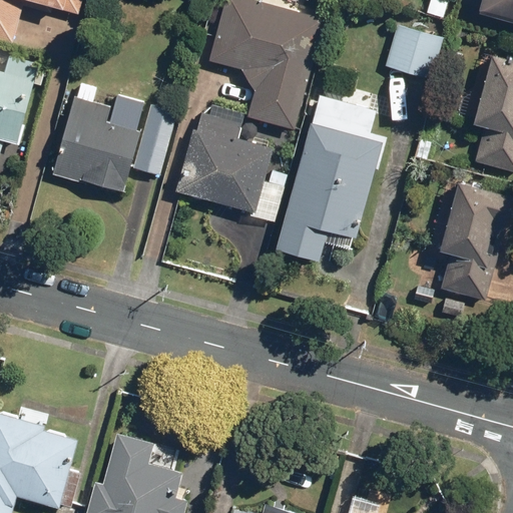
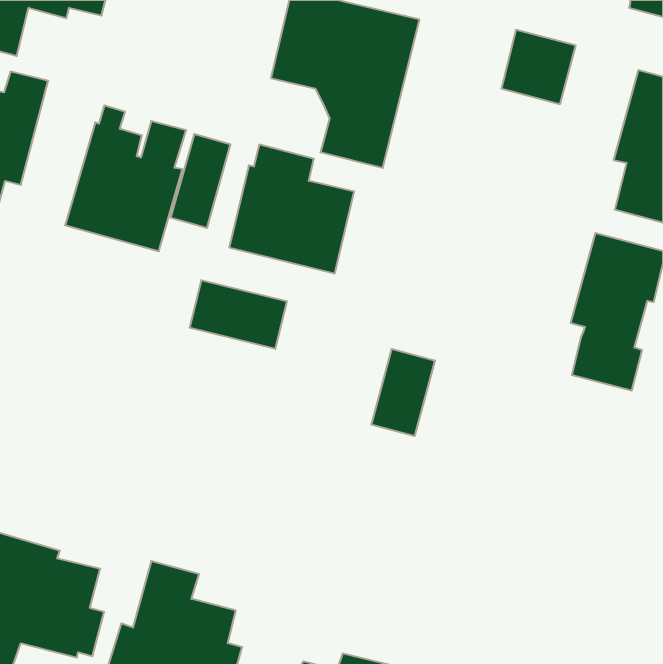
building: [276,95,387,261] -> none
building: none -> [190,280,287,349]
building: none -> [371,349,435,436]

